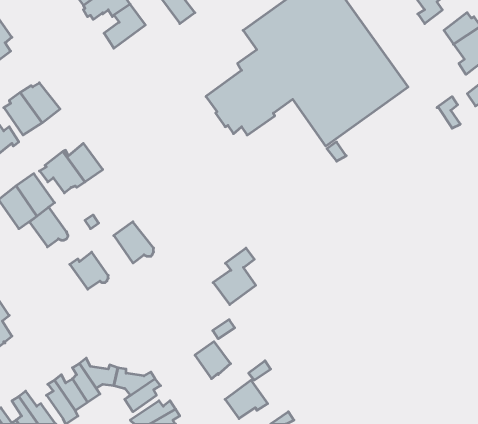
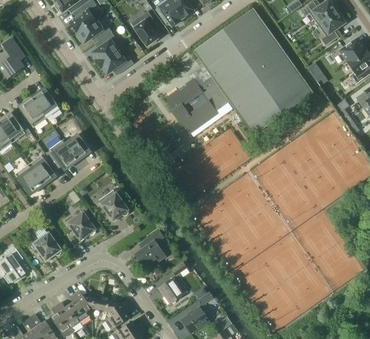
building: none -> [99,47,133,74]
building: [29,207,68,247] -> [33,231,61,260]
building: [213,248,256,305] -> [134,229,165,270]

